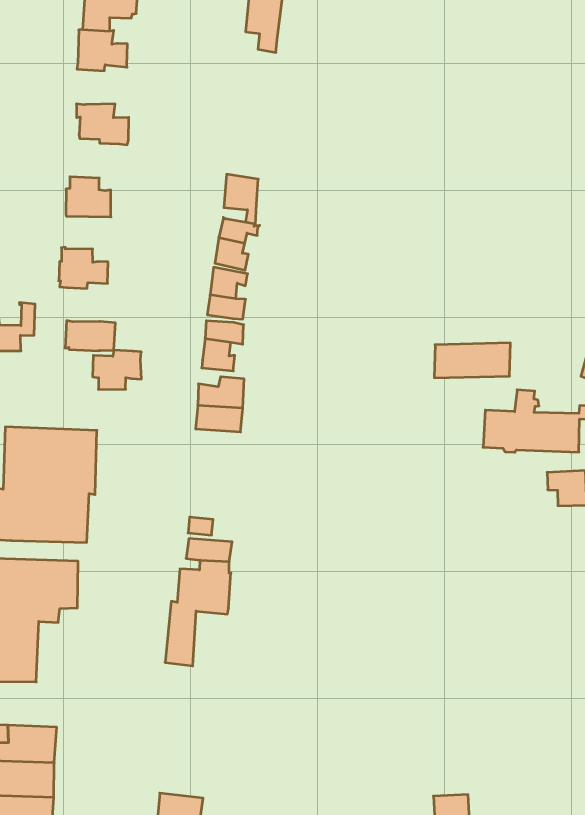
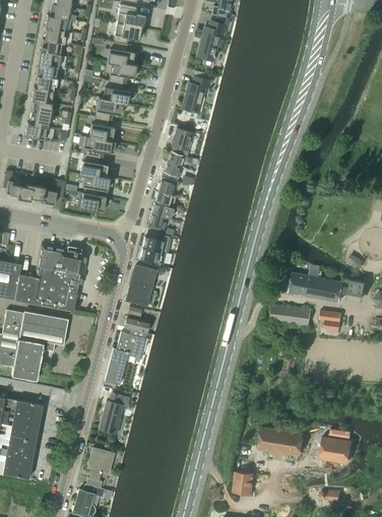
building: none -> [104,61,136,82]
building: none -> [182,76,210,118]
building: none -> [93,95,122,120]
building: none -> [82,135,115,156]
building: [434,343,510,378] -> [268,304,311,326]
building: [93,350,141,389] -> [81,174,109,195]
building: none -> [126,265,155,305]
building: none -> [99,392,128,432]
building: none -> [257,425,303,455]

